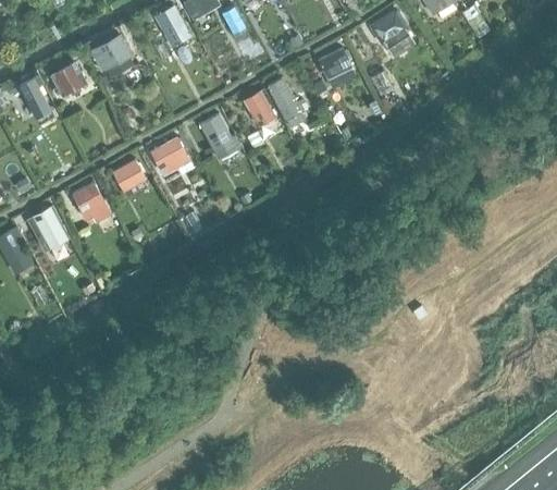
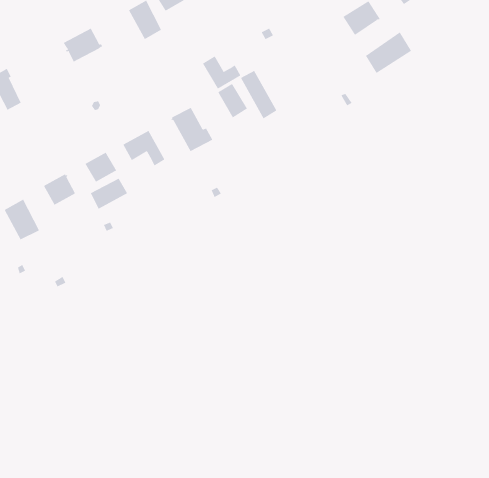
building: none -> [365,31,412,74]
building: [320,49,357,79] -> none
building: [49,62,82,95] -> none
building: none -> [202,56,241,89]
building: none -> [90,178,128,210]

